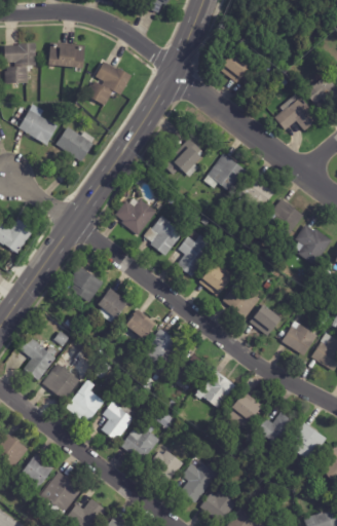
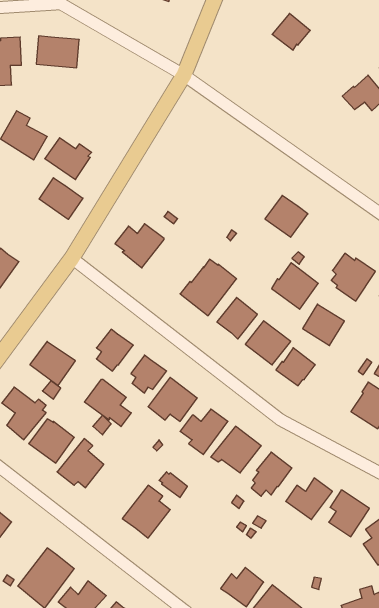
building: [219,52,251,83] -> [272,13,310,50]
building: [85,62,134,107] -> none
building: [274,95,320,132] -> none
building: [163,139,202,177] -> none
building: [203,154,246,192] -> none
building: none -> [39,178,83,219]
building: [265,197,304,236] -> [272,263,318,309]
building: [144,215,185,255] -> none
building: [66,265,104,302] -> [30,341,75,385]
building: [283,321,317,355] -> [303,304,344,346]
building: none -> [84,379,131,427]
building: [103,402,134,441] -> none
building: [148,450,184,483] -> none
building: [23,454,53,491] -> none
building: [182,462,220,502] -> none

